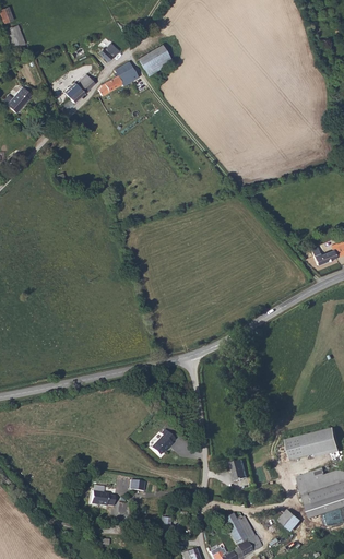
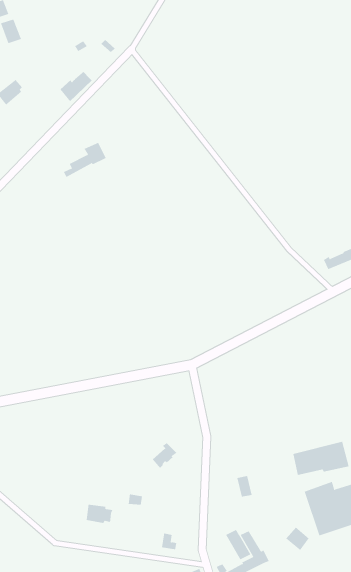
building: [137,45,171,75] -> none
building: [97,63,139,97] -> [63,142,106,177]

